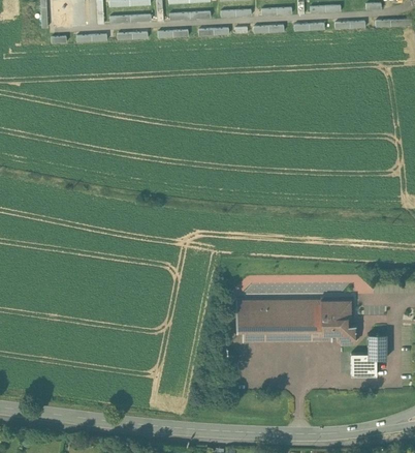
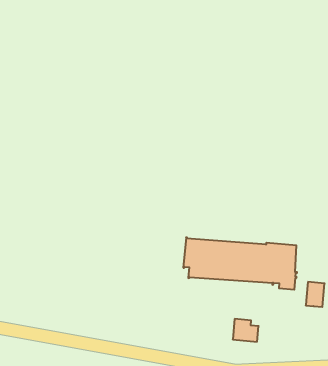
building: [351,354,377,375] -> [233,319,259,342]

